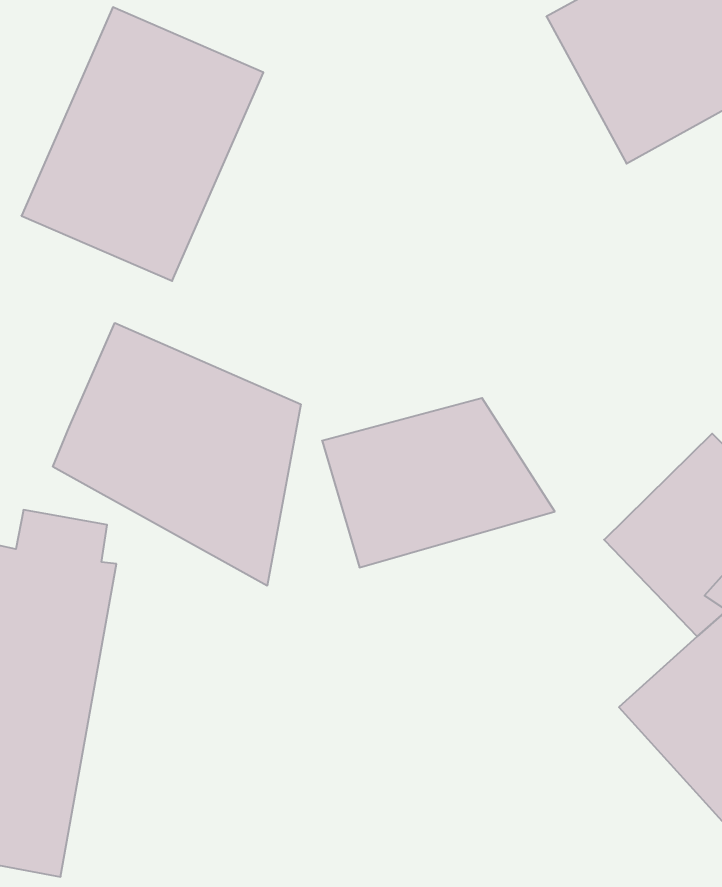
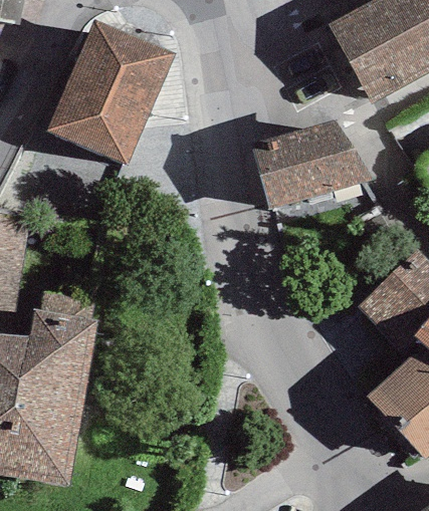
building: [53,323,301,586] -> none
building: [322,398,555,567] -> [248,120,374,212]

